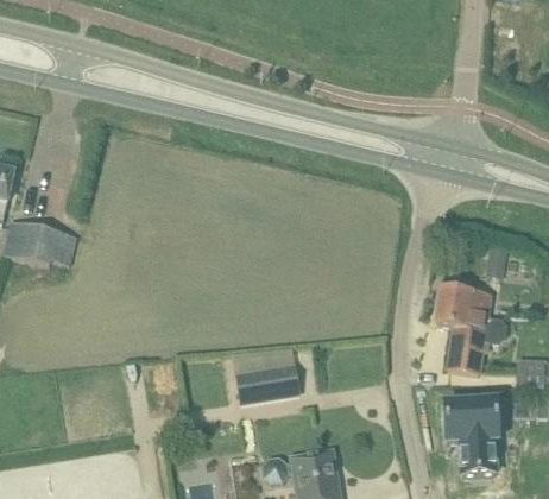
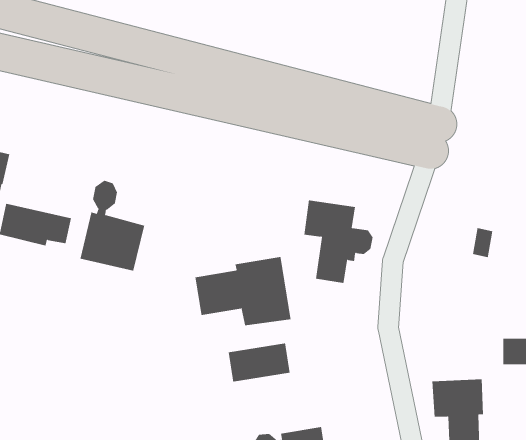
building: none -> [80,180,145,271]
building: none -> [195,256,291,326]
building: [436,285,507,371] -> [304,200,373,284]

